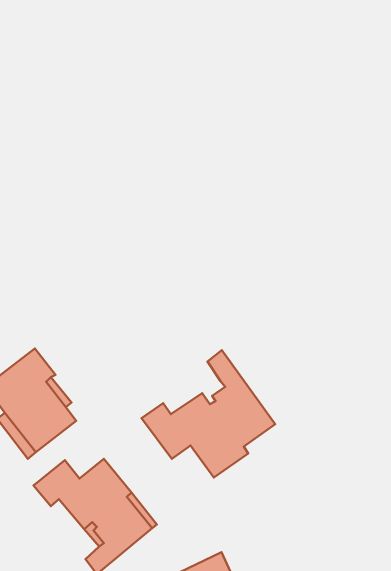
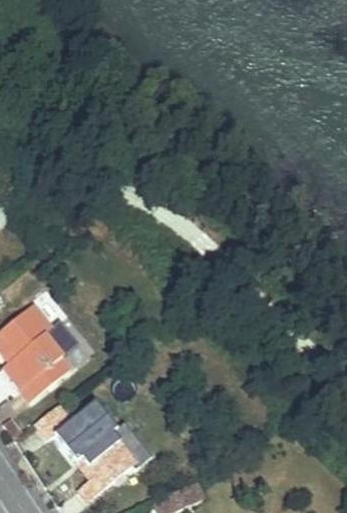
building: [142,350,275,477] -> none

